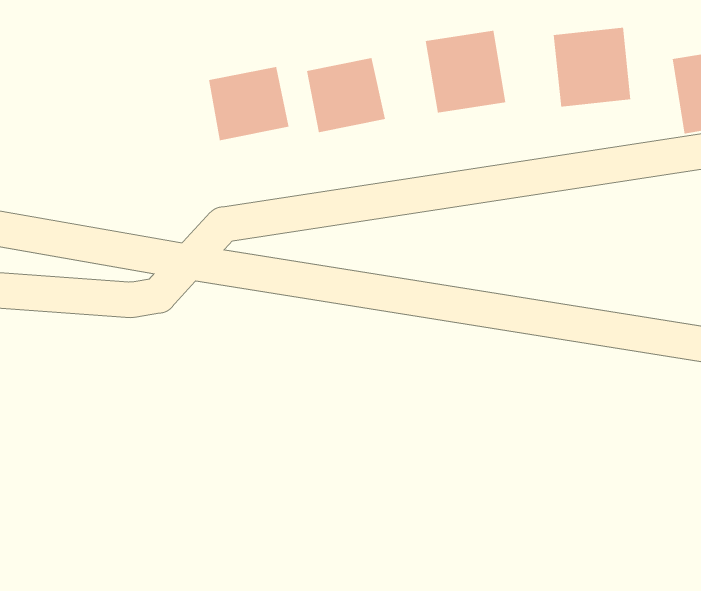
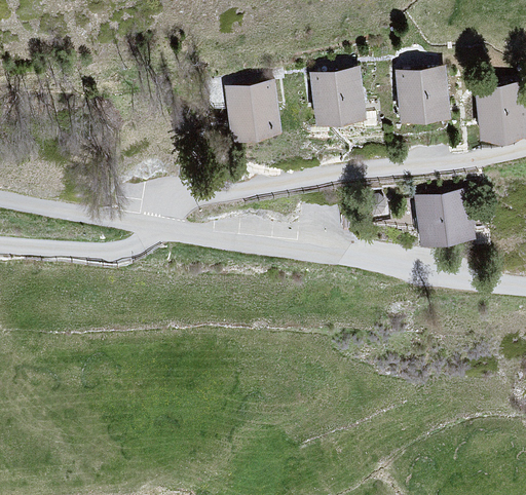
building: [208,66,289,141] -> none
building: none -> [414,192,475,244]

